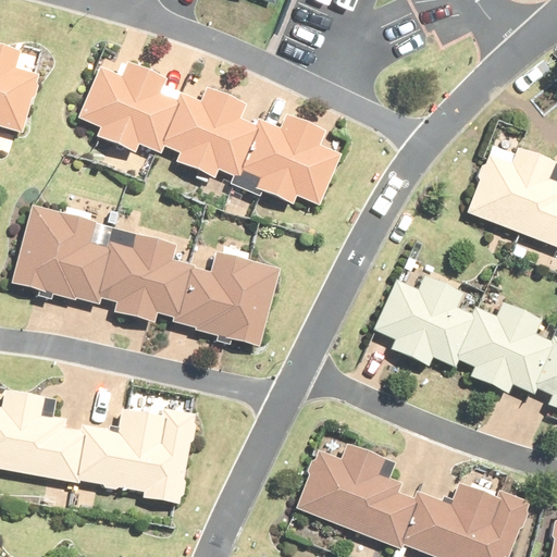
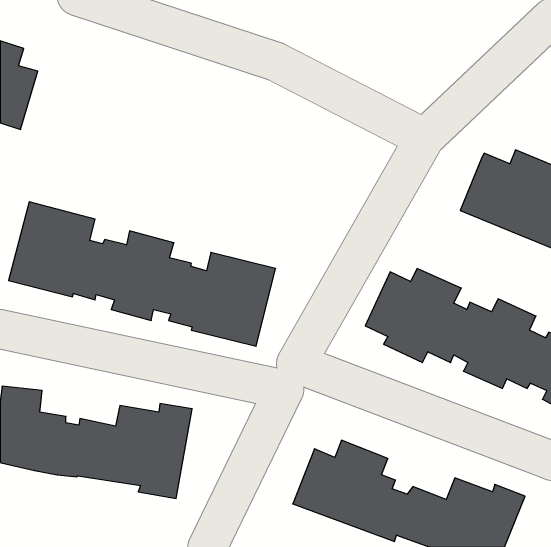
building: [76,54,343,206] -> none

